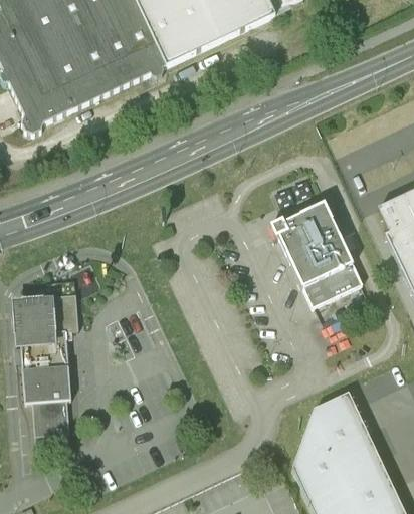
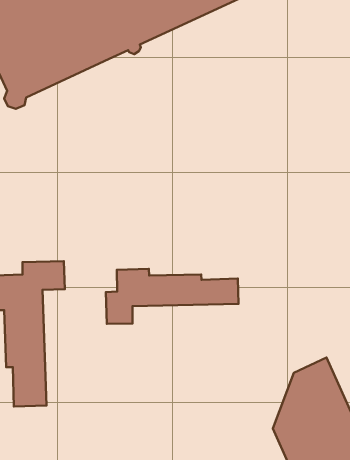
building: [267,197,362,314] -> none
building: none -> [106,269,238,324]

